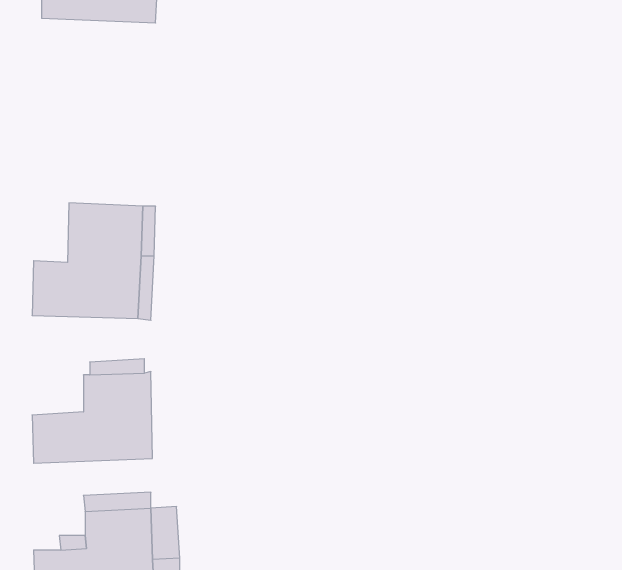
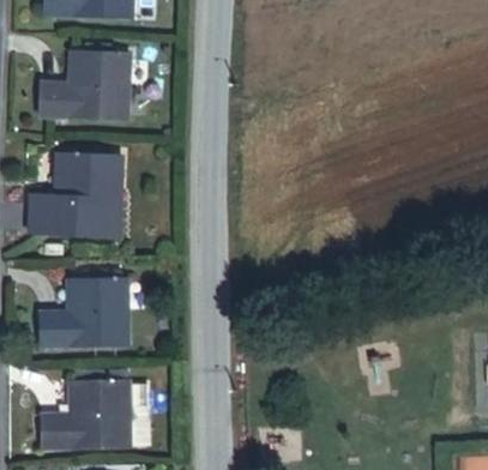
building: none -> [36,55,126,120]

